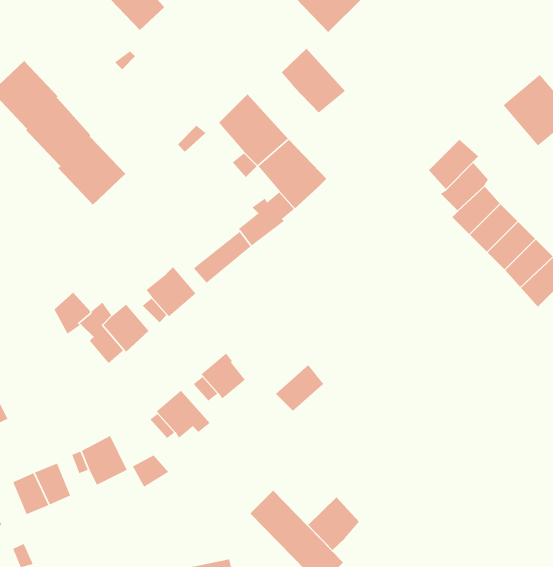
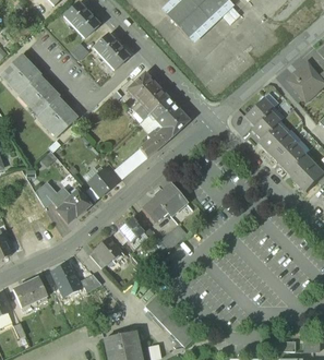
building: none -> [93,33,129,69]
building: [281,48,346,114] -> none
building: none -> [142,183,185,221]
building: [307,497,360,551] -> none

